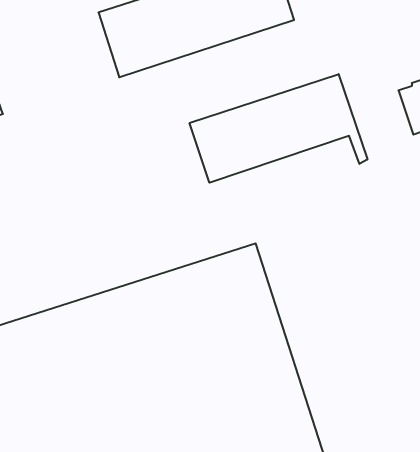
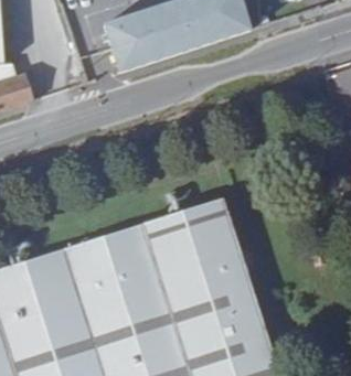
building: [190,74,367,183] -> none

